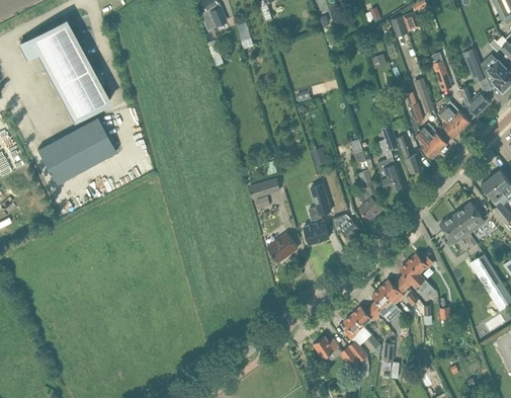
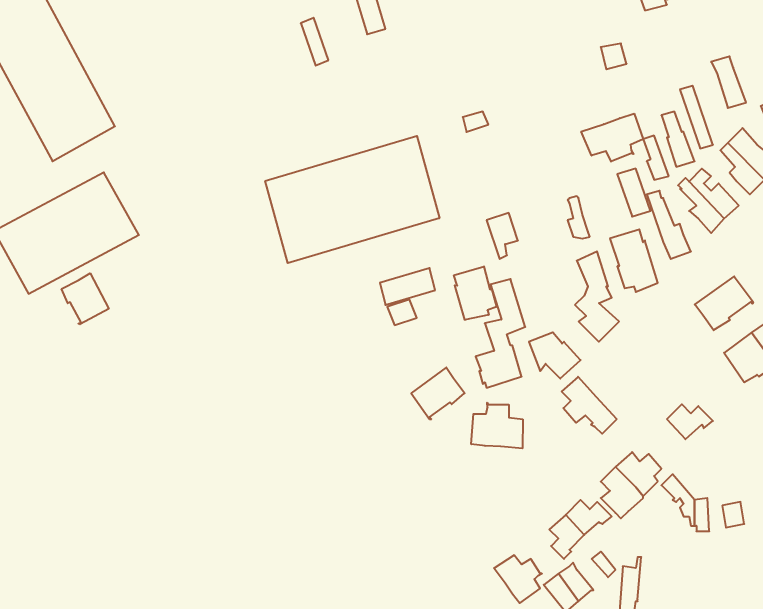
building: none -> [581,114,643,162]
building: none -> [265,136,439,263]
building: none -> [454,266,496,320]
building: none -> [62,273,109,324]
building: none -> [695,276,753,330]
building: none -> [471,403,523,448]
building: [400,261,430,293] -> [562,377,617,434]

